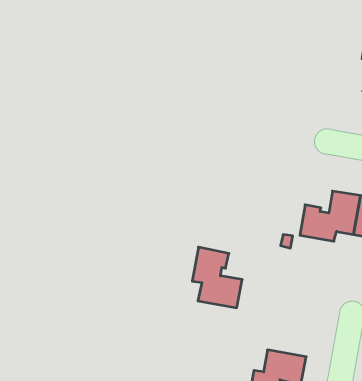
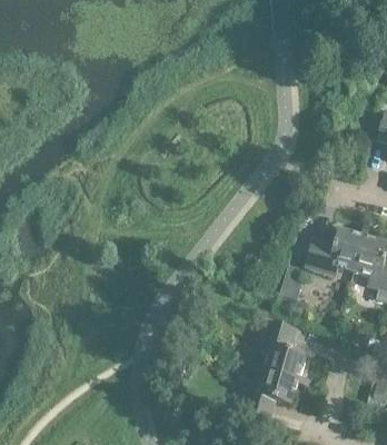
building: [192,247,242,308] -> [260,319,307,379]

